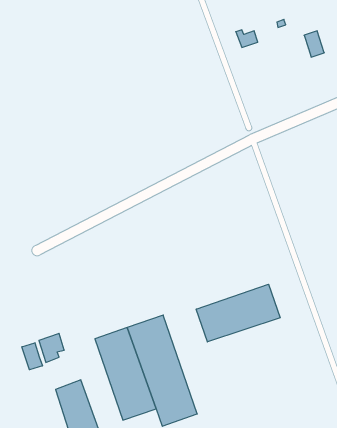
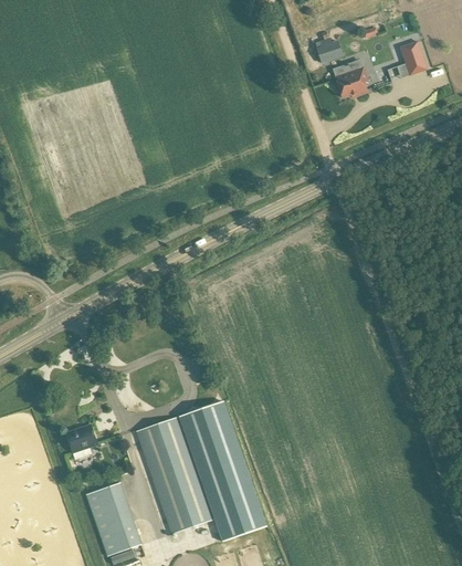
building: none -> [336,66,367,96]
building: [196,284,280,342] -> none
building: [22,343,42,370] -> none

